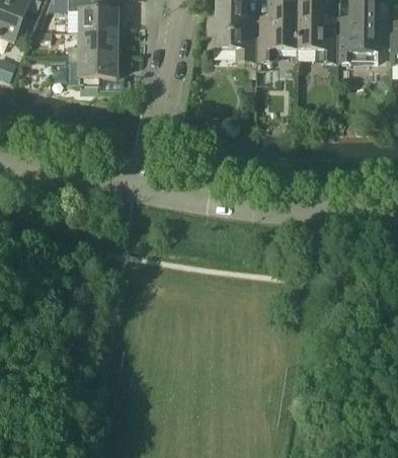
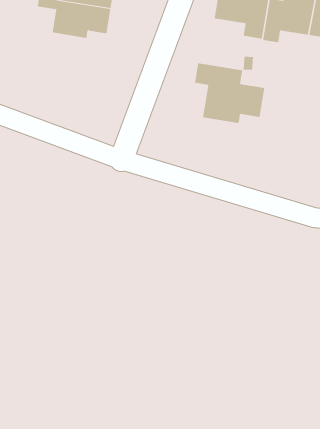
building: none -> [194,62,265,124]

